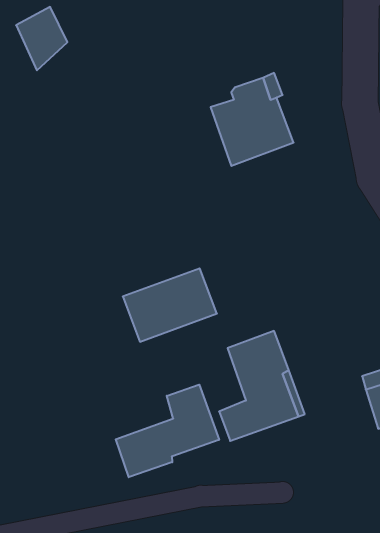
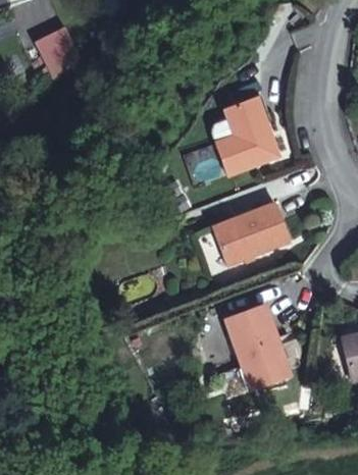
building: [123,268,217,342] -> [212,200,291,261]
building: [116,385,219,477] -> none

